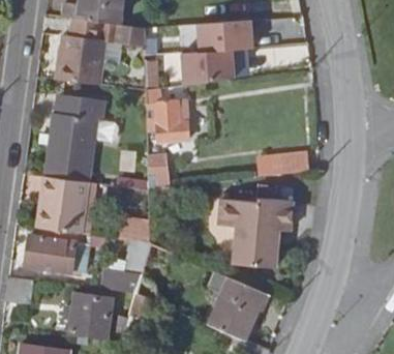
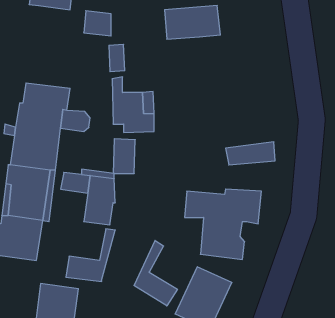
building: [58,19,108,85] -> none
building: [182,50,234,86] -> none
building: none -> [134,240,177,306]

